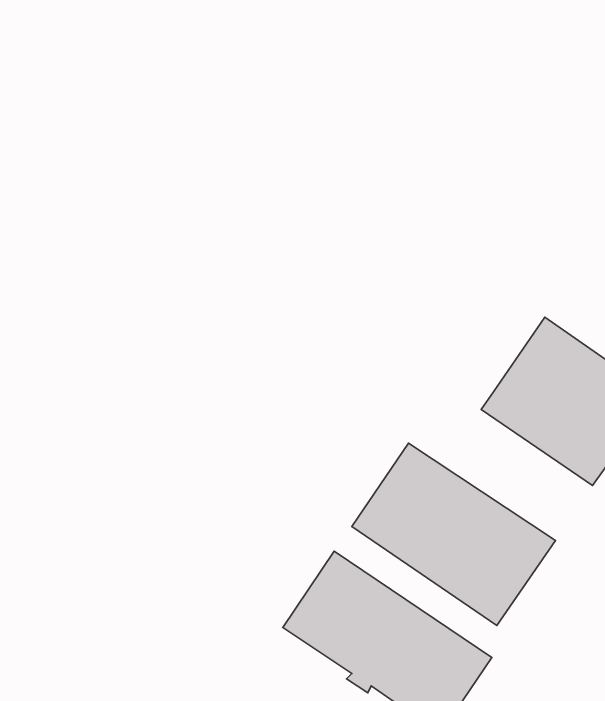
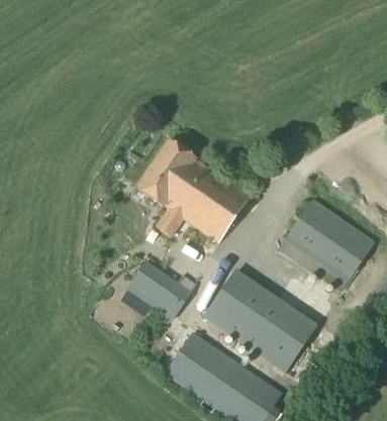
building: none -> [135,138,250,242]
building: none -> [125,259,196,320]

